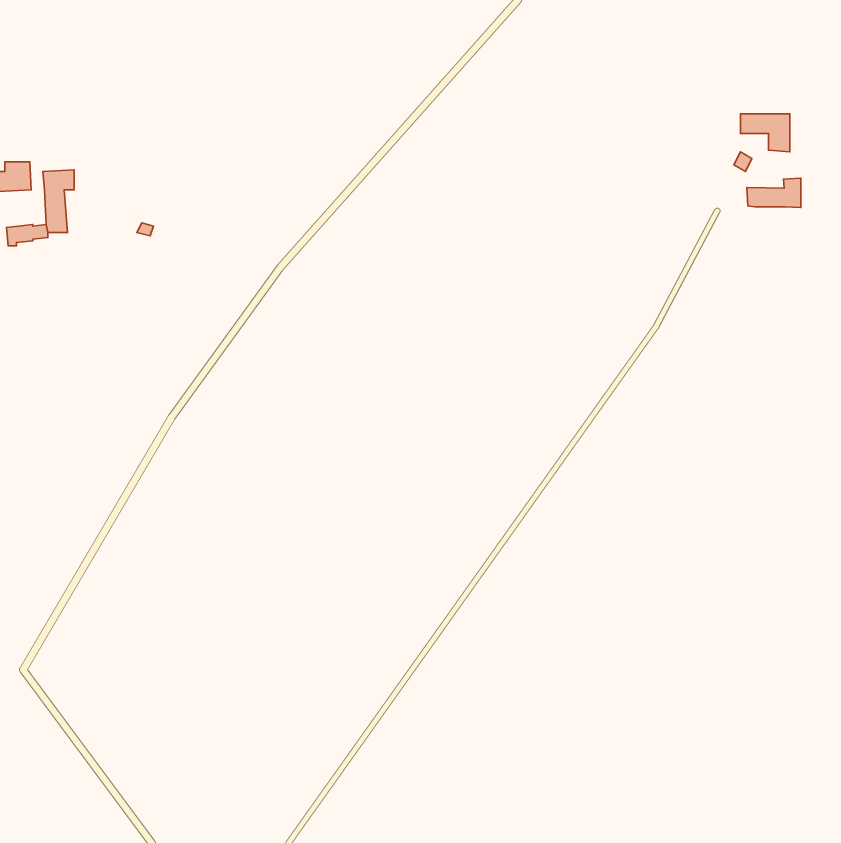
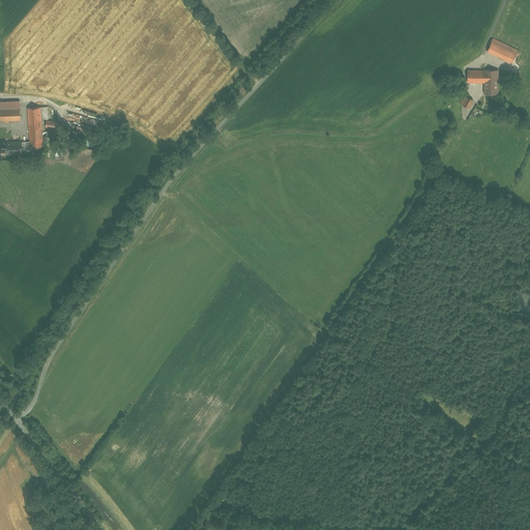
building: none -> [485,39,517,64]
building: [747,178,801,207] -> none

